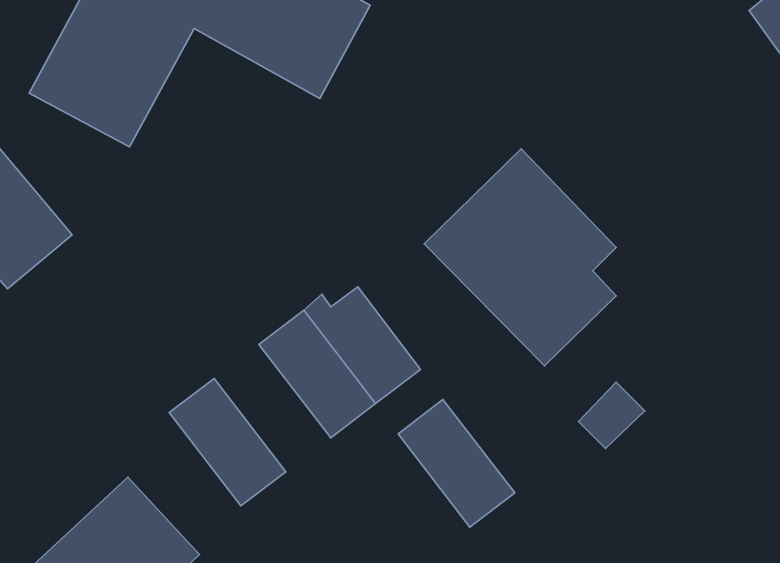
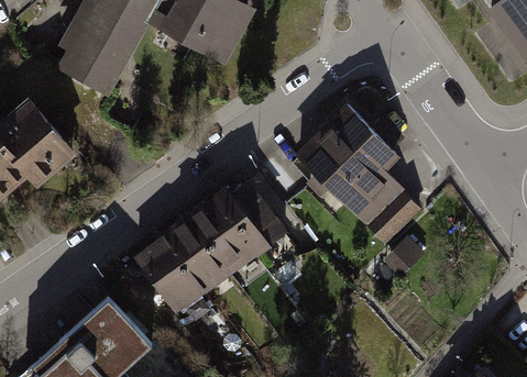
building: none -> [370,195,421,247]
building: [398,400,515,527] -> [161,217,232,295]

